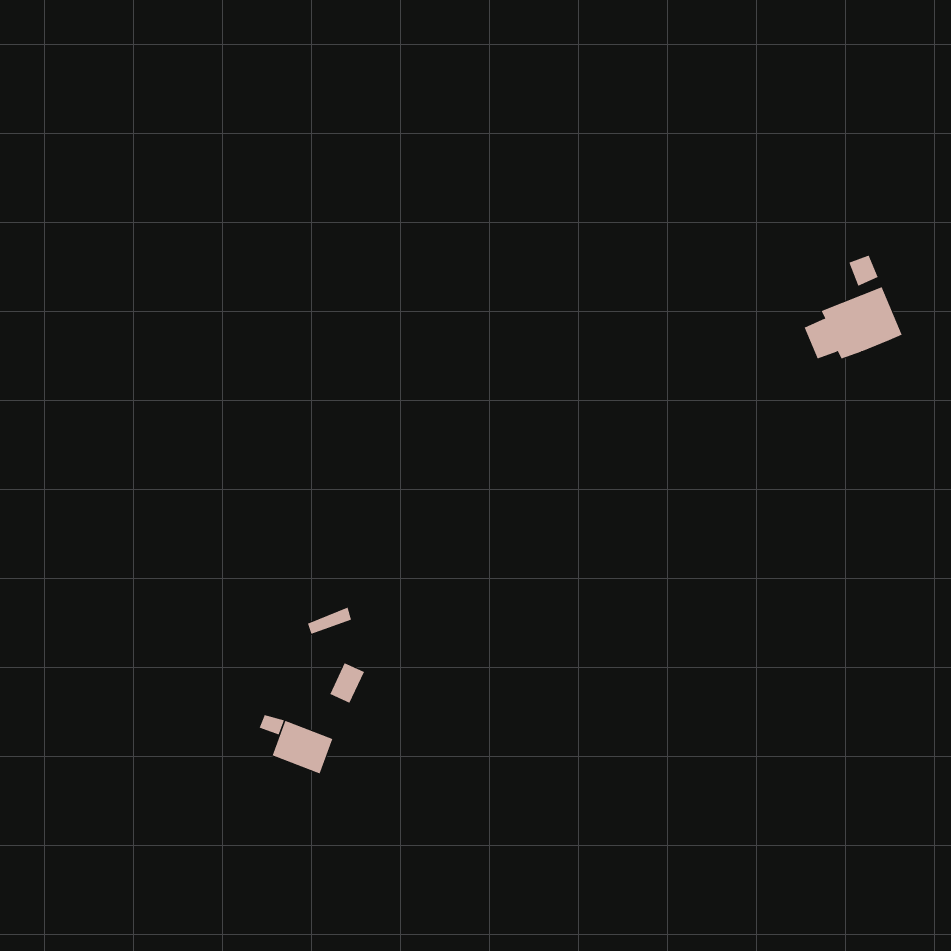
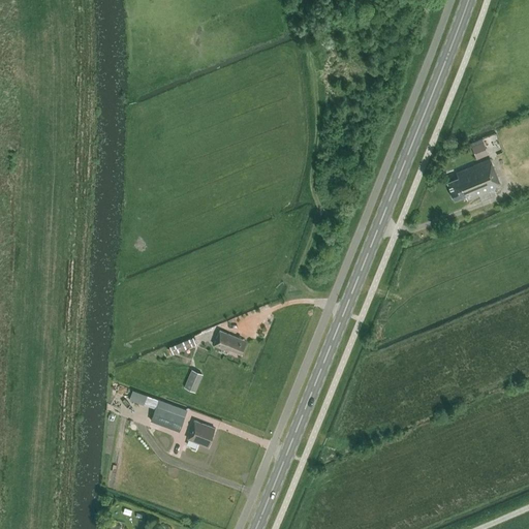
building: none -> [214,331,246,353]
building: none -> [186,419,214,447]

